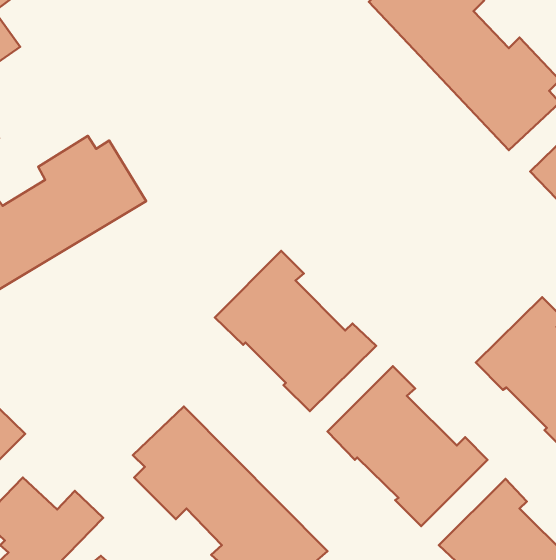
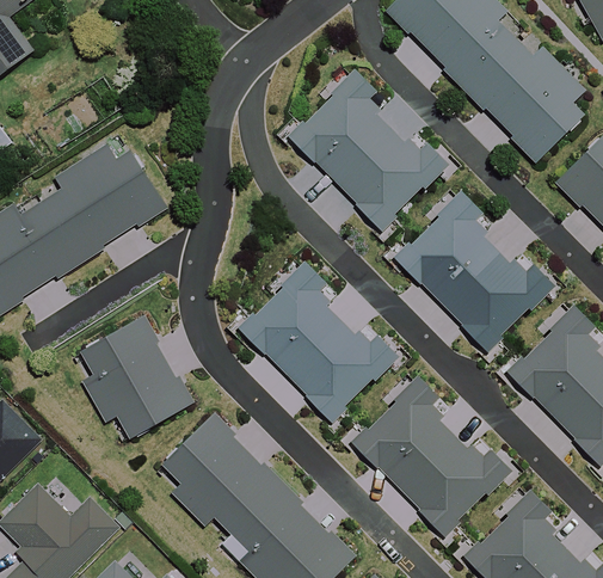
building: none -> [284,69,445,230]
building: none -> [388,187,549,349]
building: none -> [79,315,192,439]

